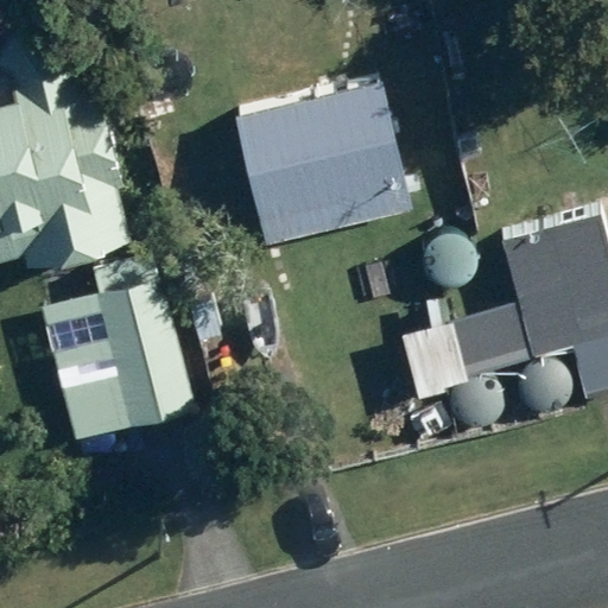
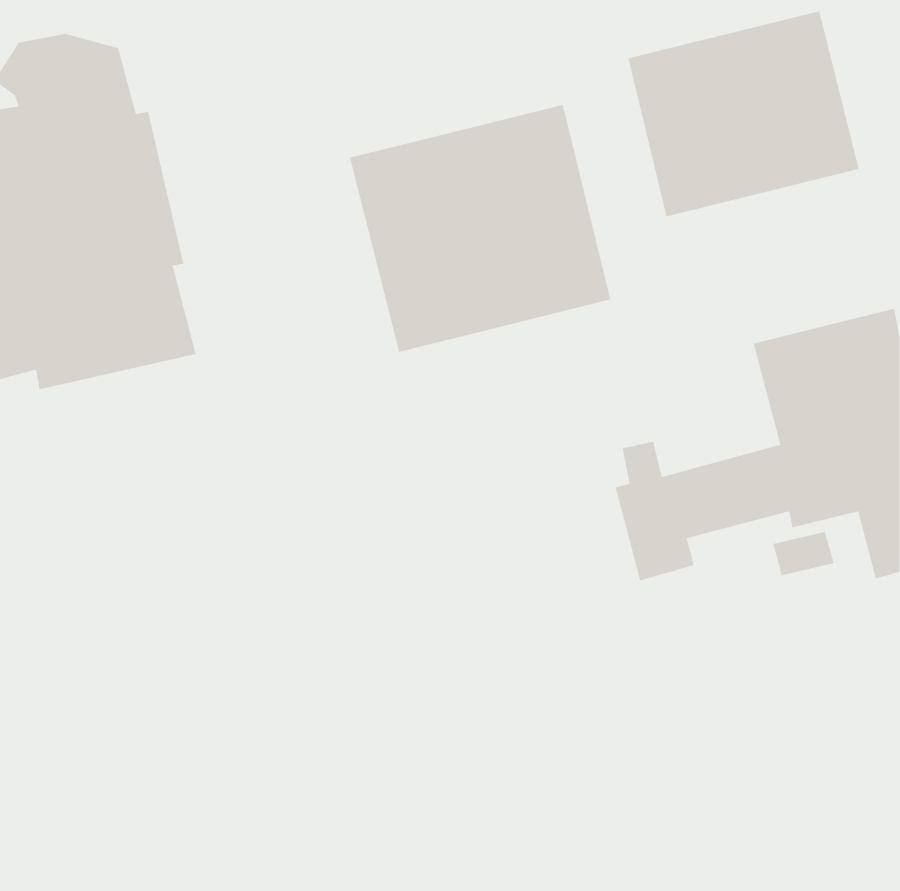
building: none -> [628,11,859,217]
building: [37,254,197,445] -> none

